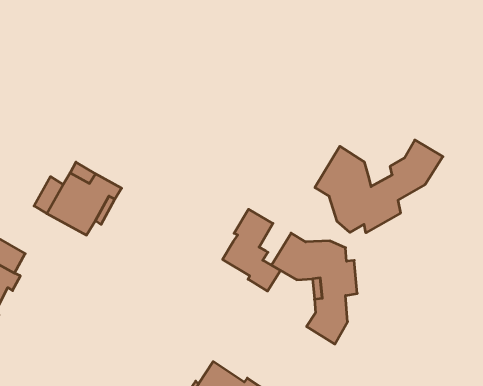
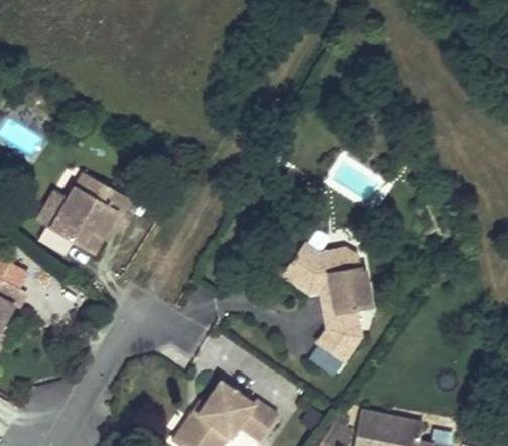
building: [315,140,443,233] -> none
building: [223,209,280,291] -> none

